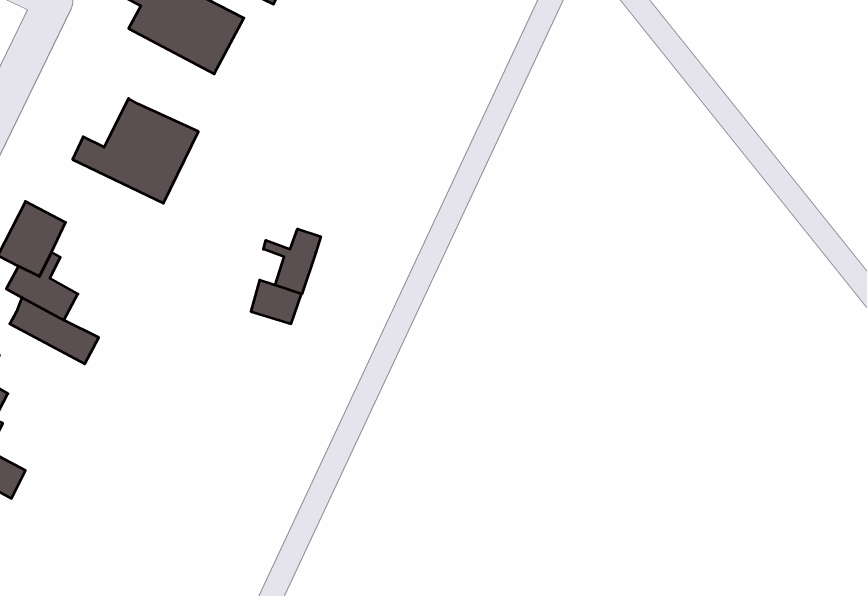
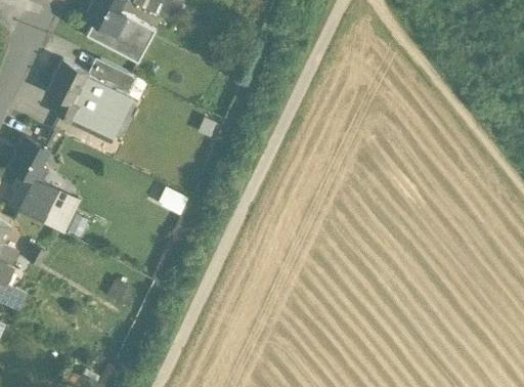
building: none -> [92,60,136,96]
building: none -> [49,61,88,105]
building: [263,229,321,294] -> none

